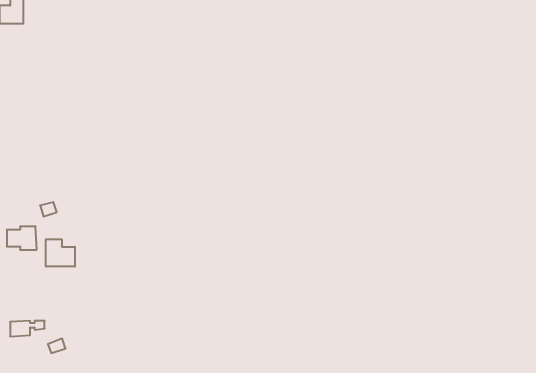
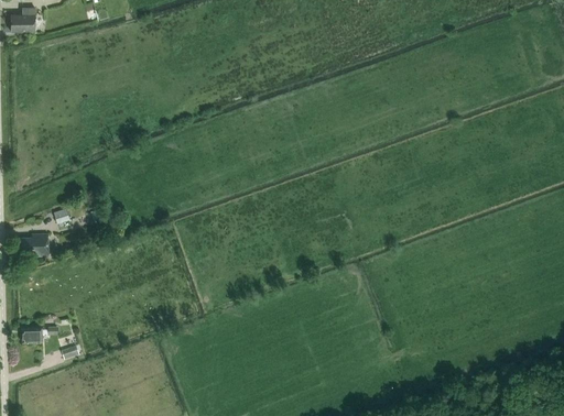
building: [46,239,75,267] -> none

